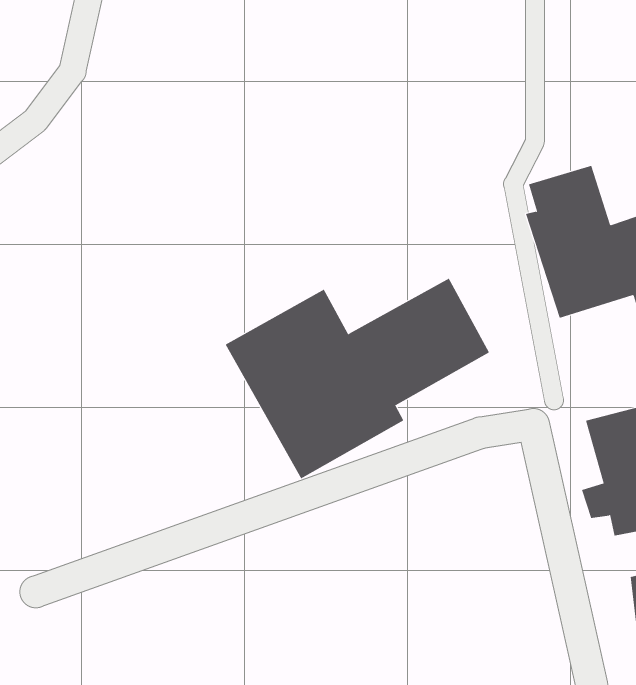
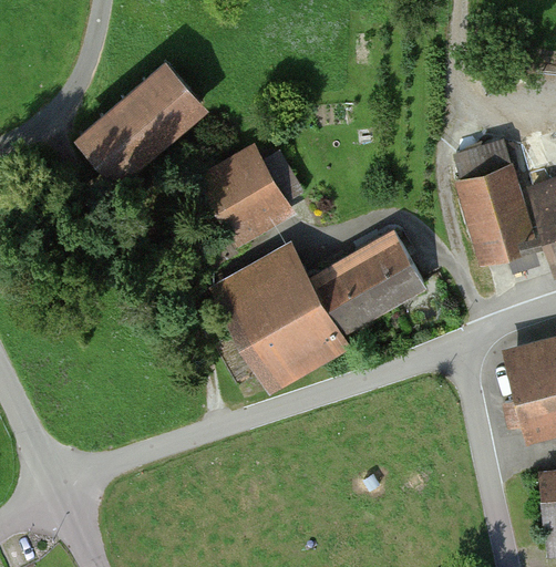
building: none -> [76,58,212,187]
building: none -> [197,142,298,248]

